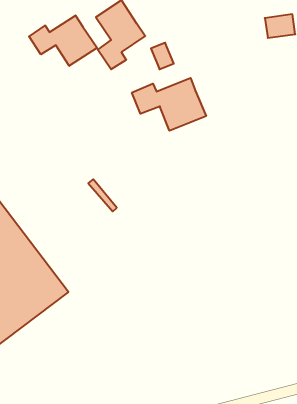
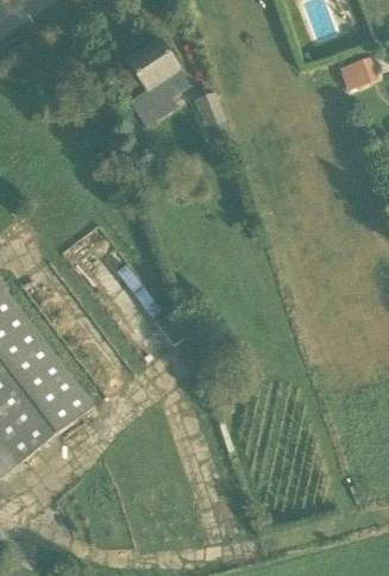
building: [29,15,97,66] -> none
building: [132,78,206,131] -> none

